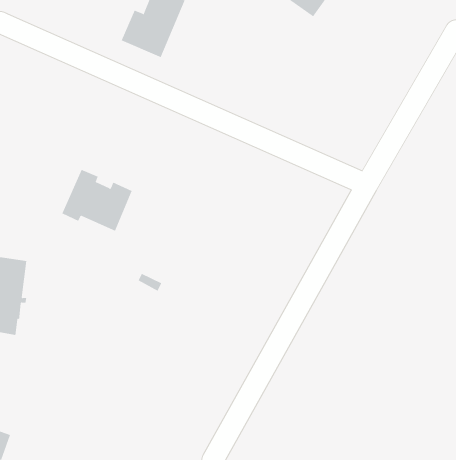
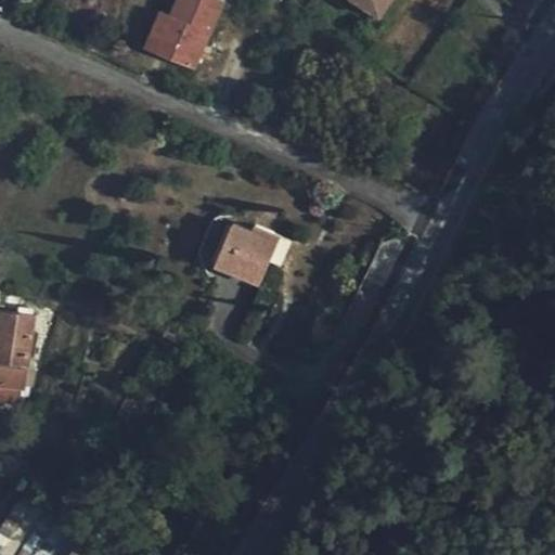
building: [61,169,133,232] -> [192,210,278,285]

